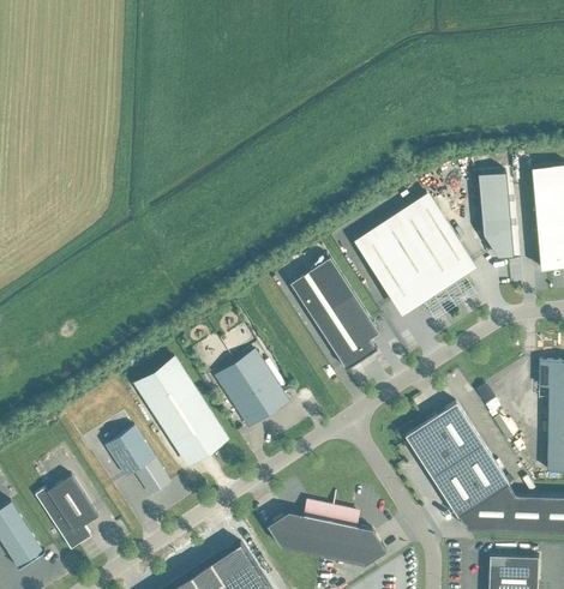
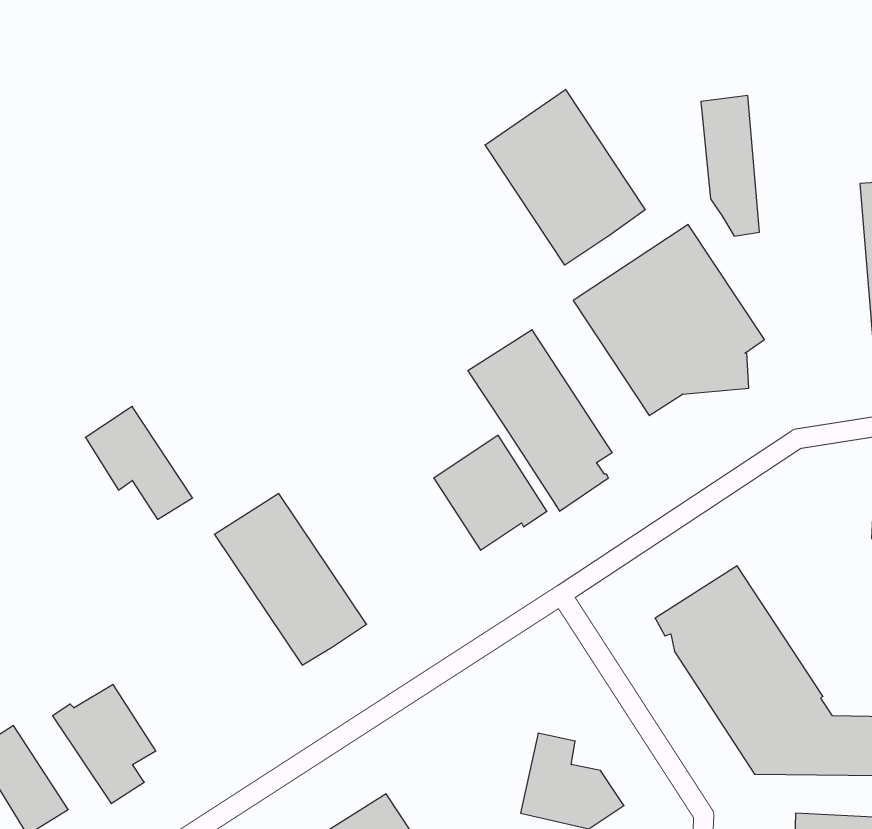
building: none -> [485,89,645,265]
building: [478,172,514,258] -> [701,96,759,236]
building: [218,355,288,426] -> [434,435,547,550]
building: [106,426,172,495] -> [85,406,193,519]
building: [268,501,334,555] -> none

